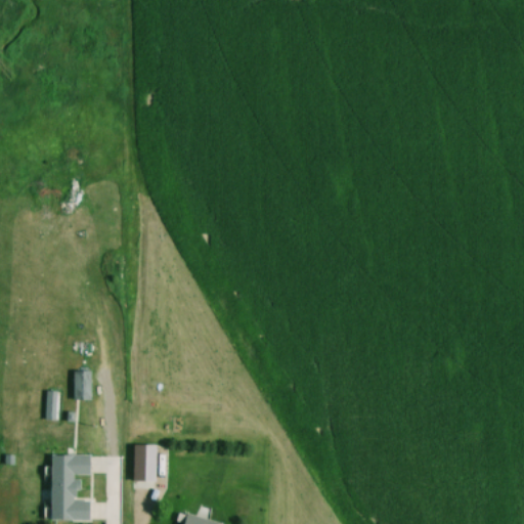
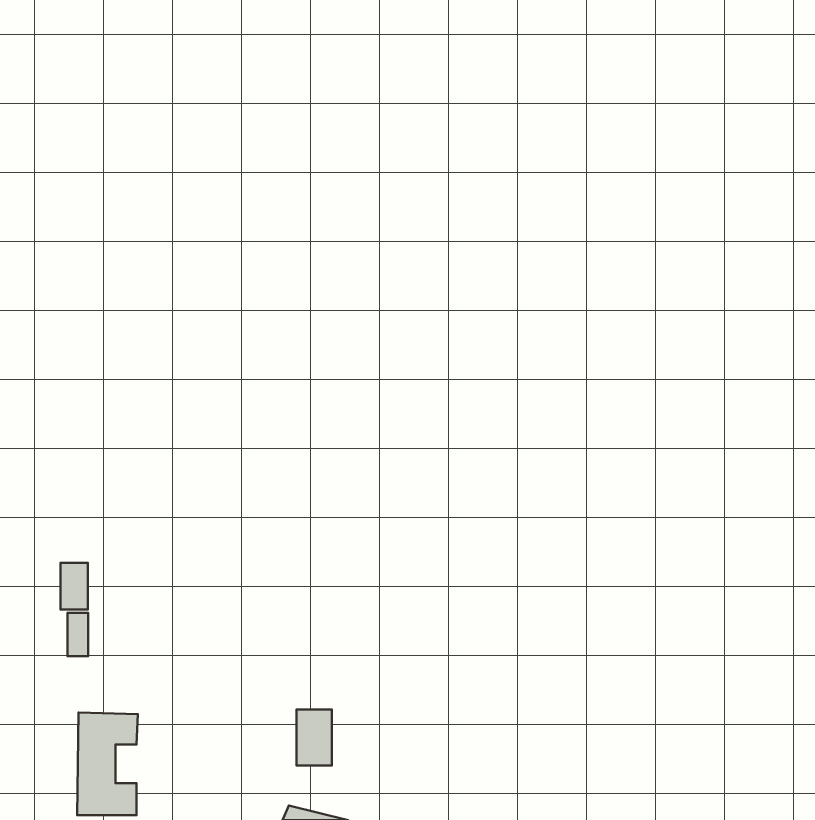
building: [75,369,92,399] -> [60,563,88,609]
building: [134,445,157,481] -> [296,709,332,766]

